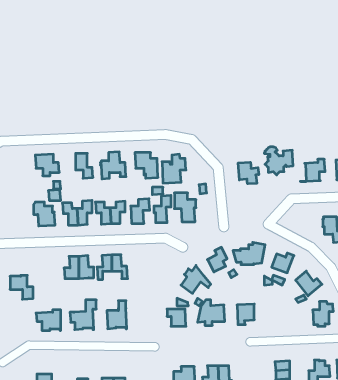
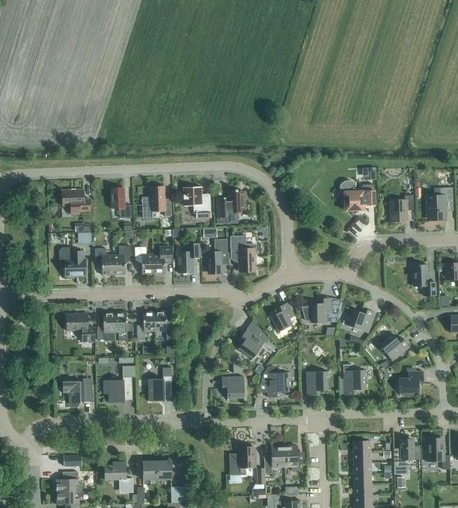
building: [238,162,259,184] -> none
building: [10,275,33,299] -> [66,313,94,342]
building: none -> [343,364,365,395]

